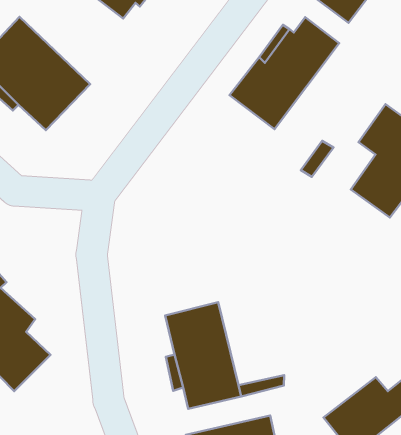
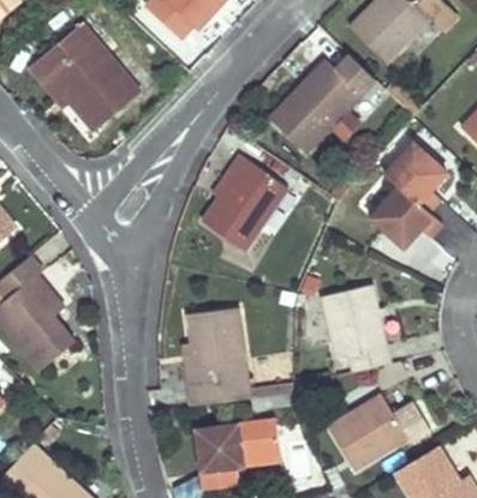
building: none -> [202,155,287,250]
building: none -> [315,280,382,366]

